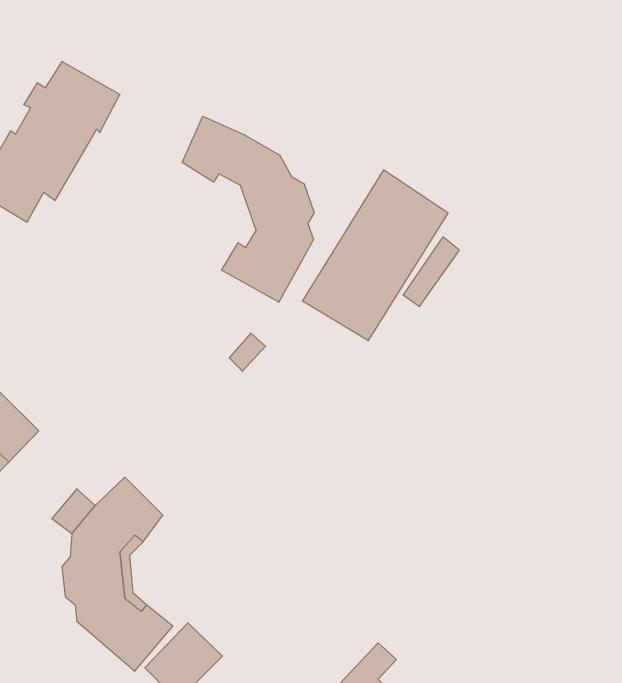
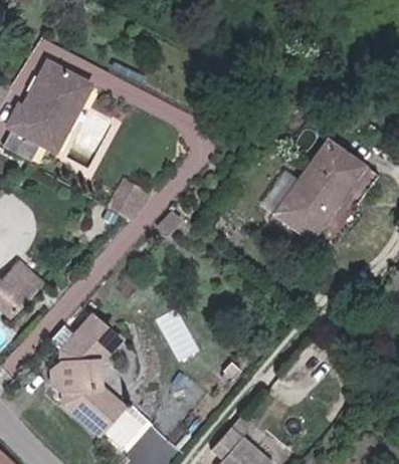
building: [182,116,314,302] -> none
building: [302,170,448,341] -> [274,145,363,248]
building: none -> [108,176,150,218]

